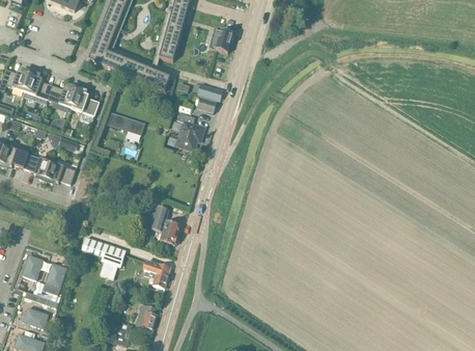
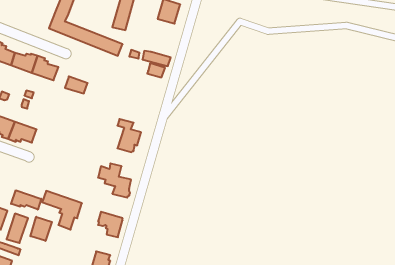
building: [177,112,203,149] -> [117,119,141,152]
building: none -> [11,190,41,210]
building: none -> [30,217,52,241]

